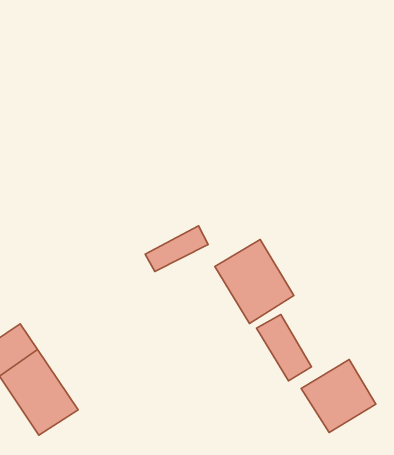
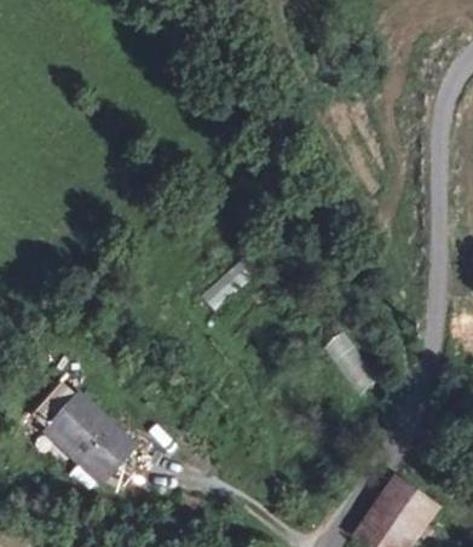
building: [215,239,294,324] -> none
building: [301,359,376,433] -> none

